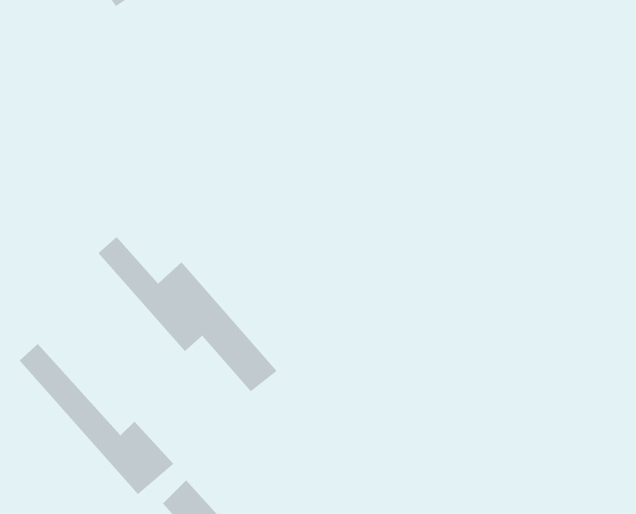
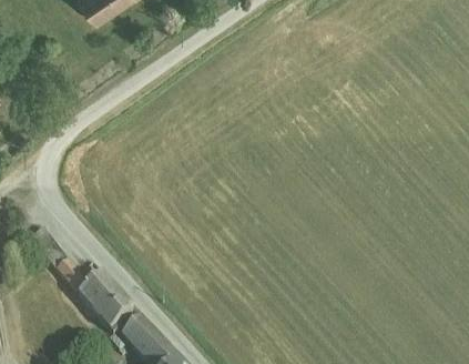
building: [98,236,278,392] -> none

